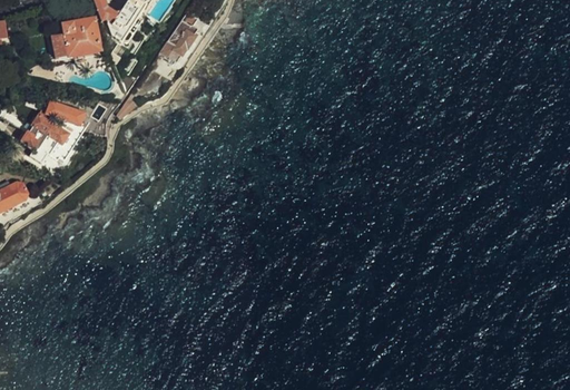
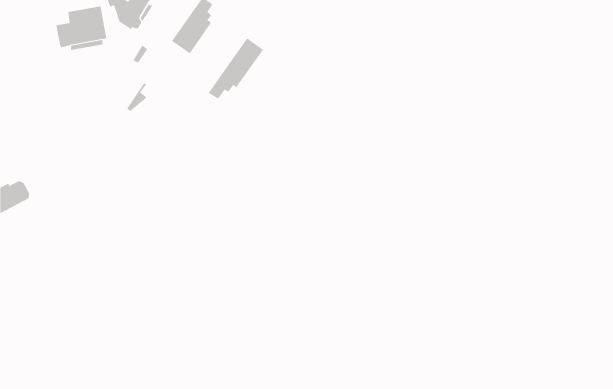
building: none -> [208,37,264,99]
building: [22,100,87,160] -> none

